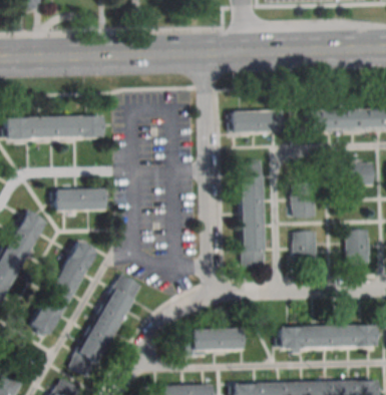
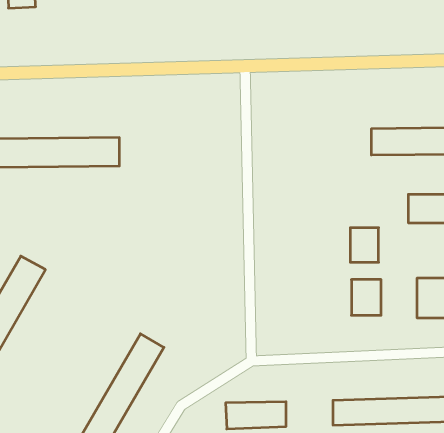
building: [232,110,278,133] -> none
building: [242,159,265,268] -> none
building: [55,188,105,211] -> none
building: [30,241,96,334] -> none

